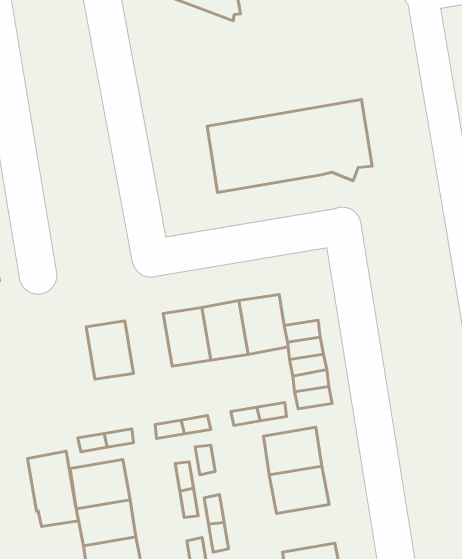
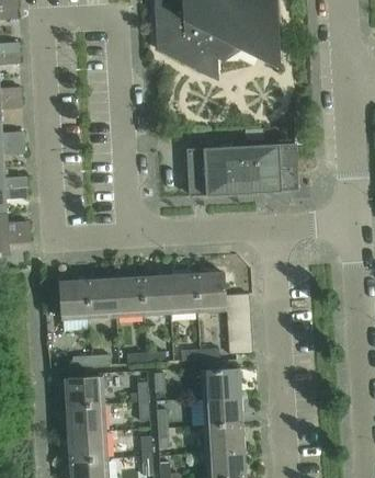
building: none -> [114,277,144,317]
building: [28,451,79,526] -> [59,281,90,331]
building: none -> [205,423,243,453]

